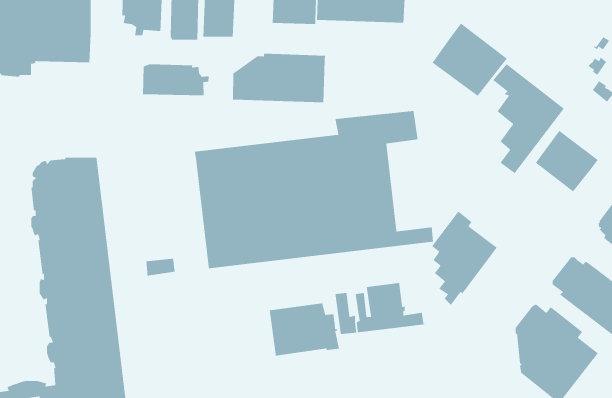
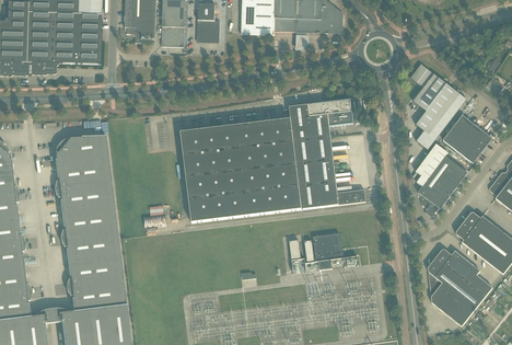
building: [431,23,508,97] -> none
building: [232,53,326,103] -> none
building: [142,63,209,96] -> none
building: [431,210,498,306] -> [415,142,466,216]
building: [269,302,340,356] -> none

